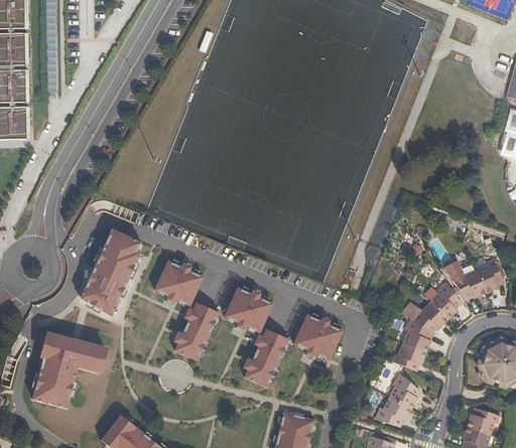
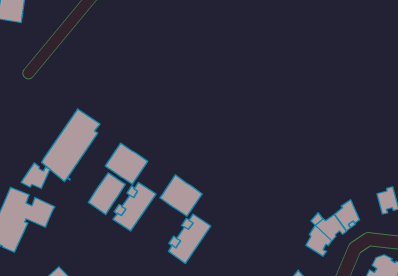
building: [450,270,485,300] -> none
building: none -> [88,173,125,215]
building: none -> [21,163,50,189]
building: [293,314,342,359] -> none
building: [391,343,424,371] -> none

